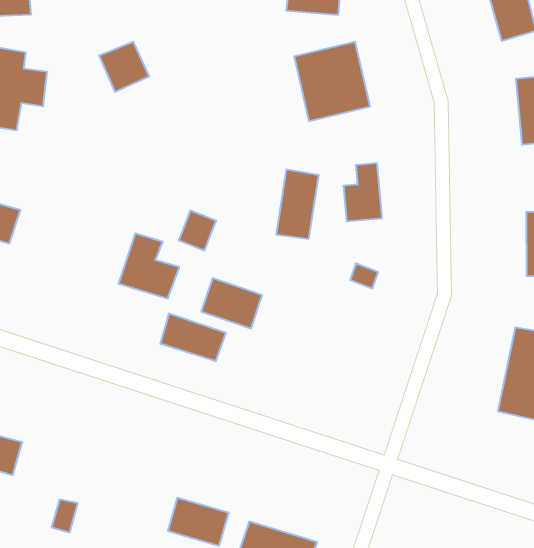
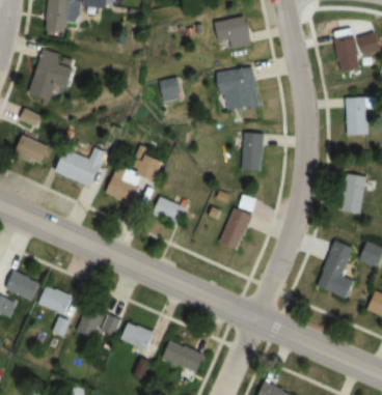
building: [99,42,149,92] -> [155,76,183,104]
building: [276,169,319,239] -> [222,207,250,249]
building: none -> [55,147,107,188]
building: [160,313,226,361] -> none
building: none -> [37,284,75,316]
building: none -> [74,303,121,339]

